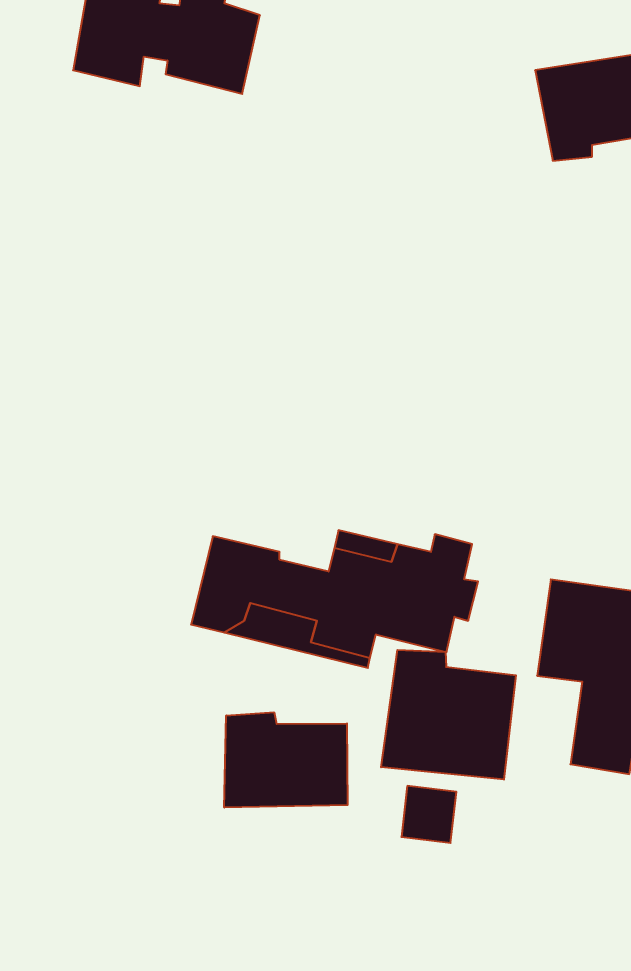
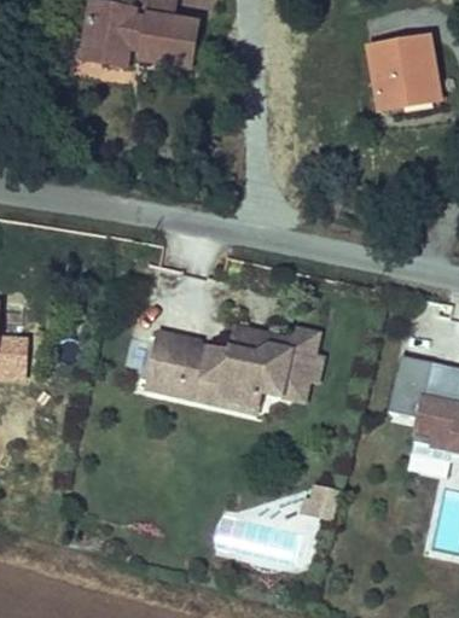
building: [381,650,516,780] -> none
building: [224,712,348,808] -> none

